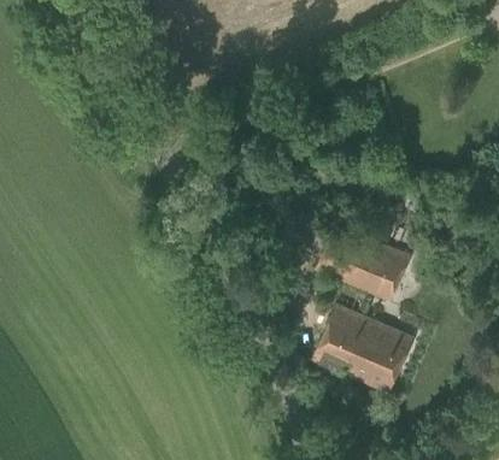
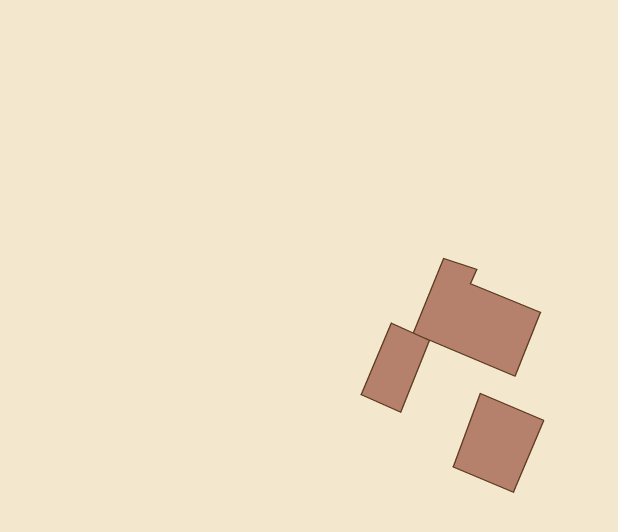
building: [313,302,365,370] -> [361,323,429,412]

